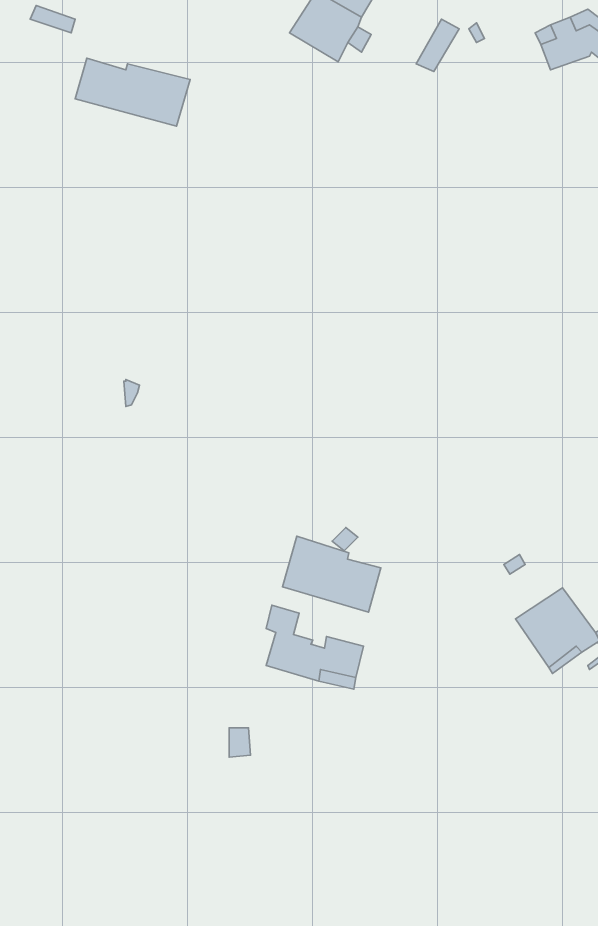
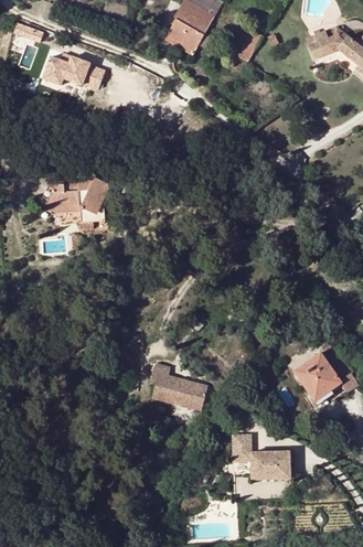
building: none -> [44,178,110,219]
building: [283,536,381,612] -> none
building: none -> [231,433,289,479]

